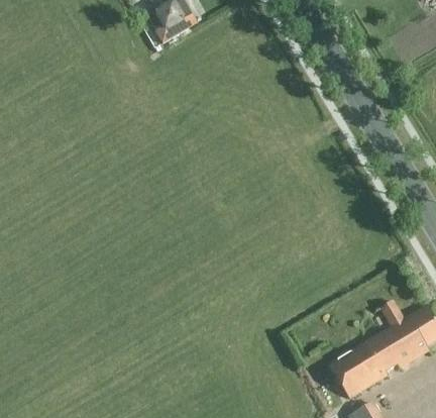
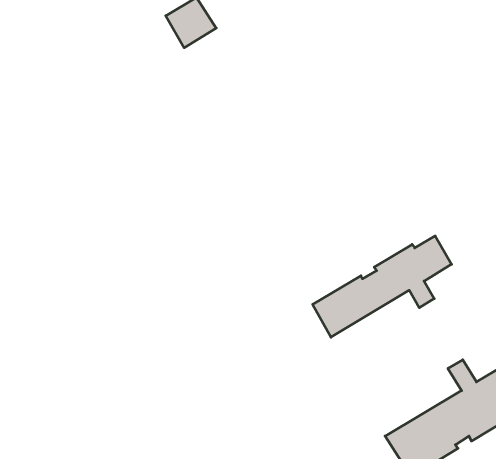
building: none -> [313,236,452,337]

